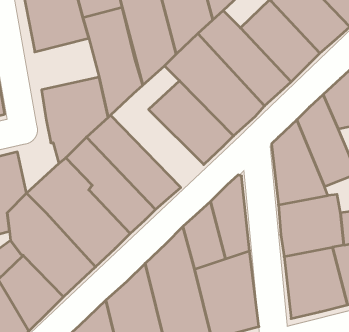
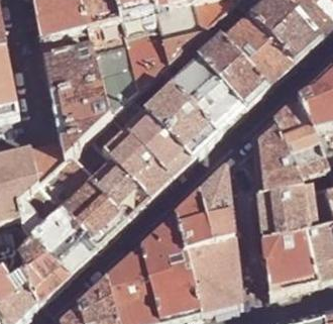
building: none -> [46,44,103,90]
building: none -> [113,93,195,176]
building: none -> [31,136,68,181]

